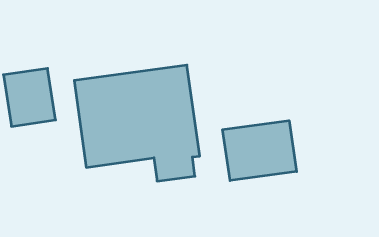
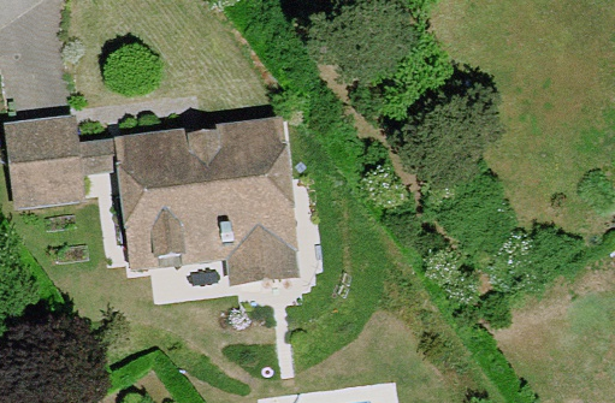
building: [223,121,297,181] -> none

